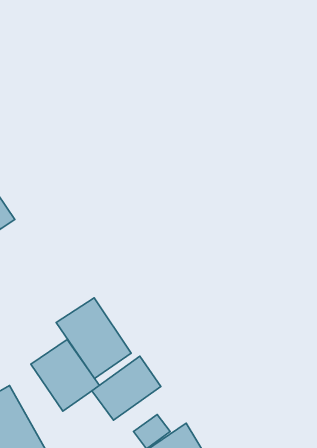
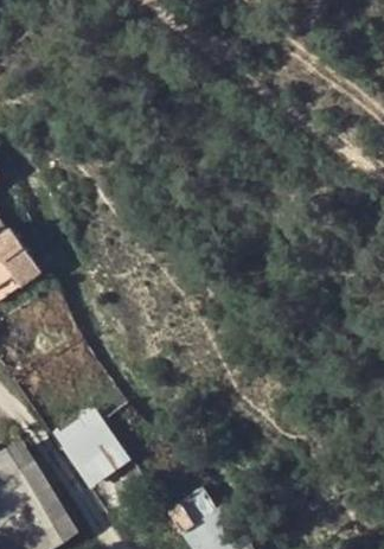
building: [56,298,131,378] -> none
building: [92,356,161,420] -> none

